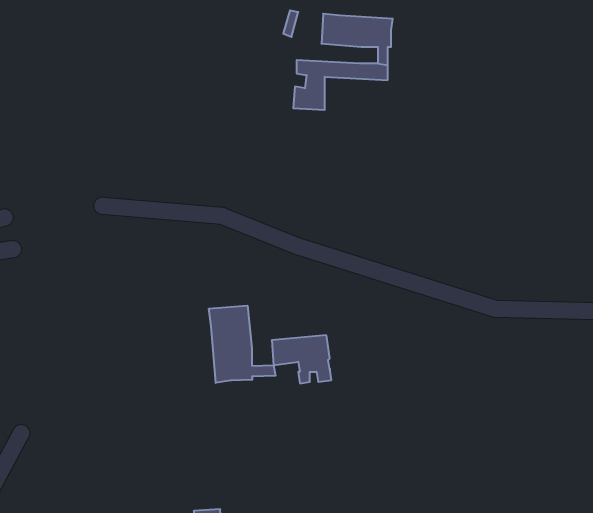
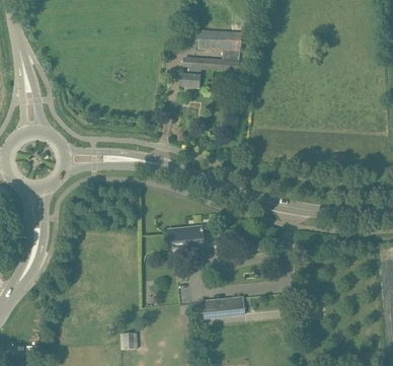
building: [209,306,276,383] -> none
building: none -> [202,296,244,319]

